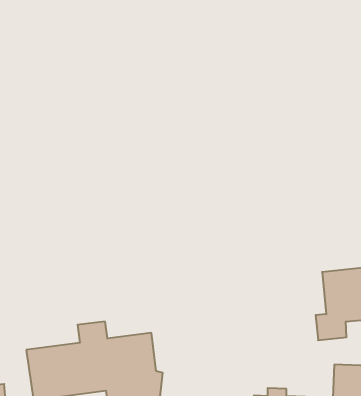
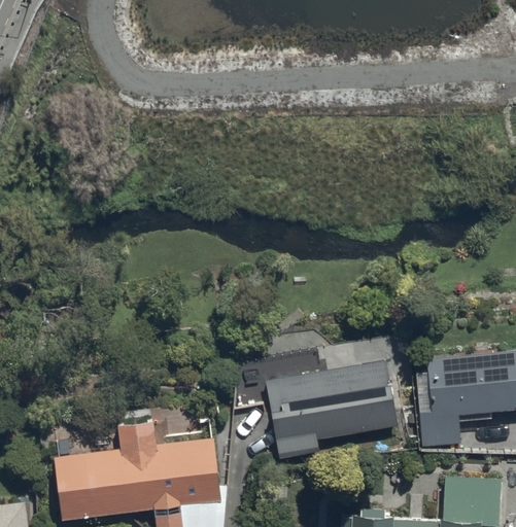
building: none -> [266,360,397,458]

